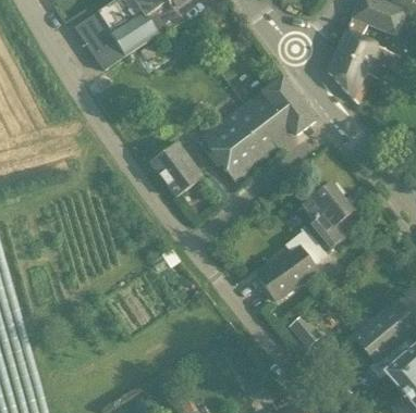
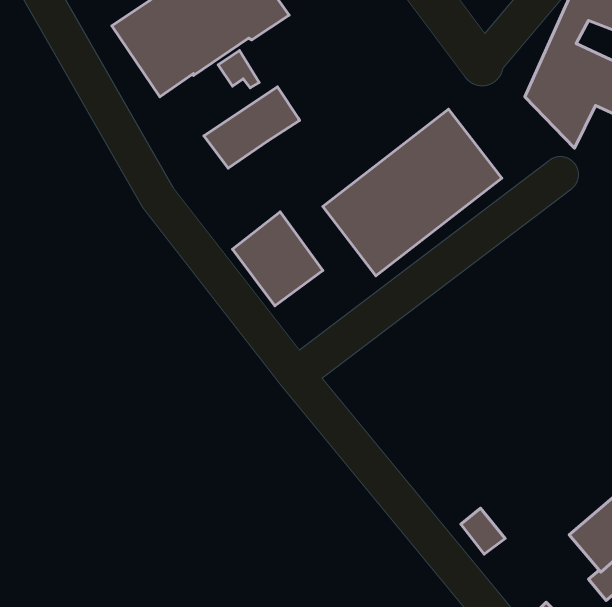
building: none -> [204,87,300,168]
building: [255,183,353,302] -> none

